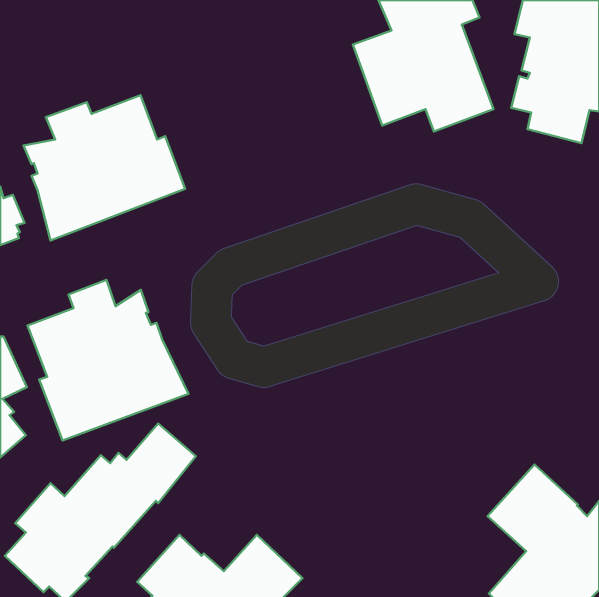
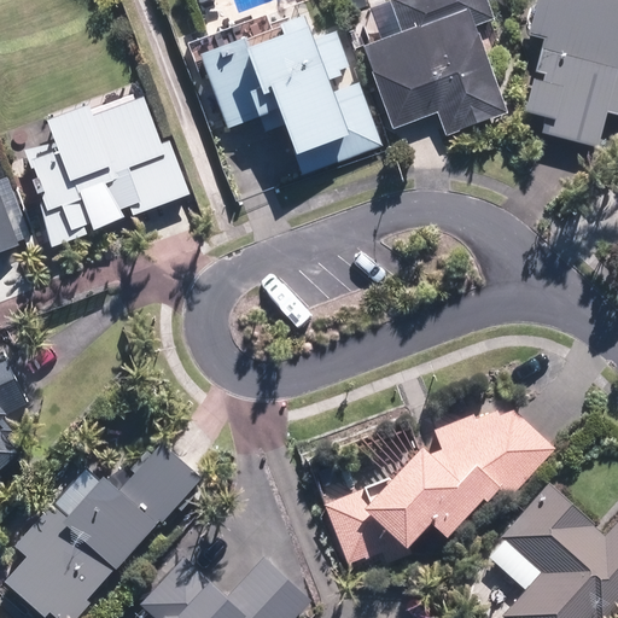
building: none -> [202,19,383,177]
building: [27,280,188,441] -> none
building: none -> [325,407,556,560]

